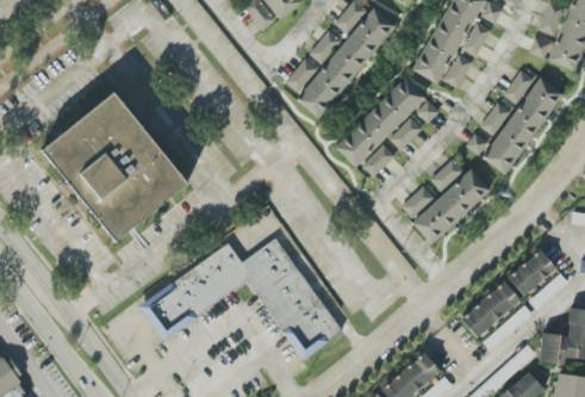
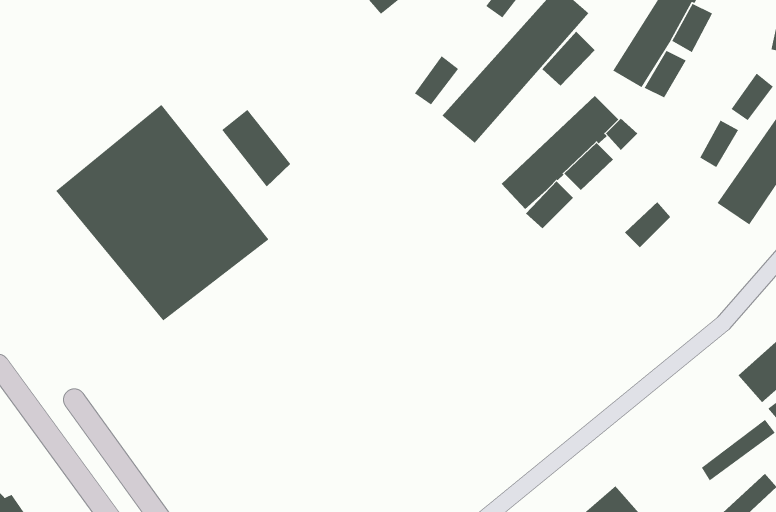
building: [305,29,342,67] -> [541,31,595,87]
building: none -> [221,109,291,187]
building: [421,169,497,241] -> none
building: [400,184,435,218] -> none
building: [139,236,342,359] -> none
building: [459,279,519,336] -> none

